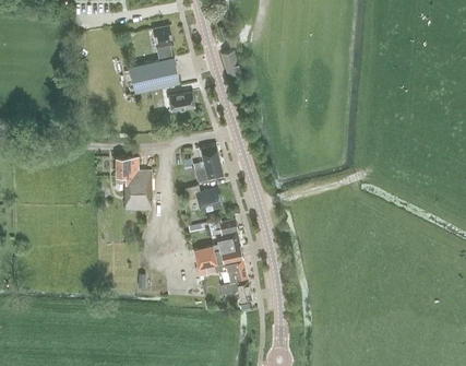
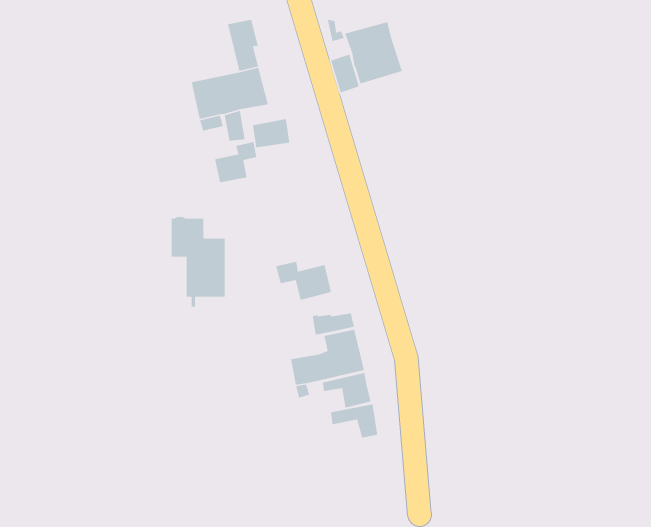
building: none -> [344,21,403,85]
building: none -> [214,141,257,183]
building: [193,146,224,182] -> none

